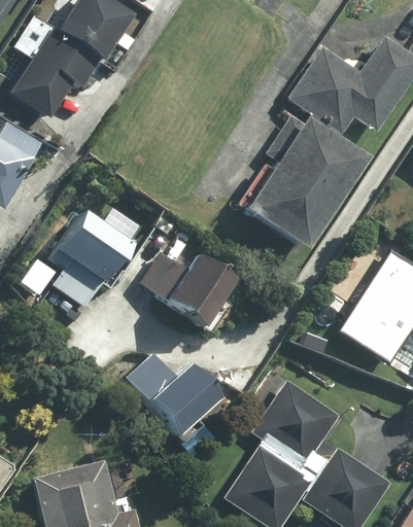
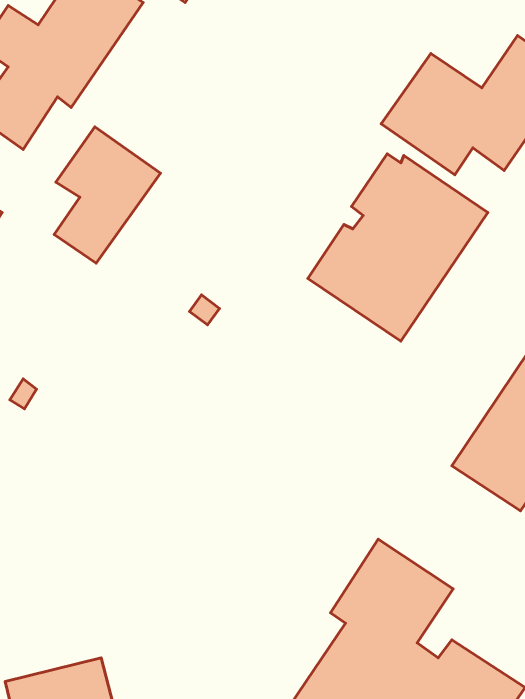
building: [57,211,130,305] -> [54,127,161,263]
building: [145,254,236,324] -> none
building: [132,356,221,456] -> none

